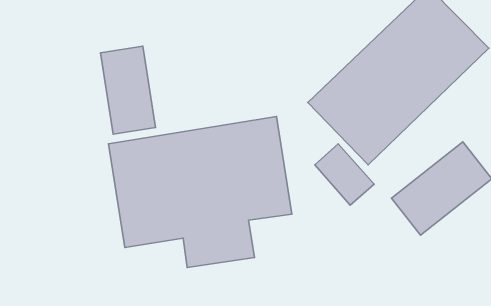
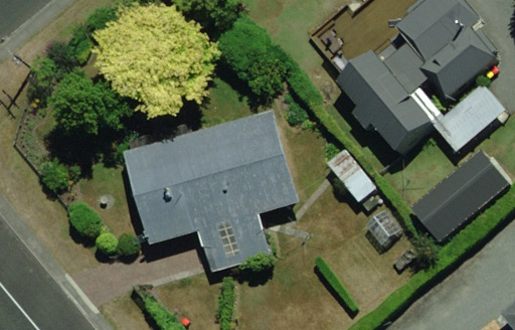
building: [101,46,155,134] -> none

